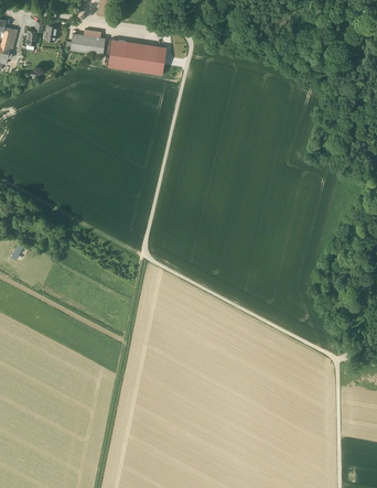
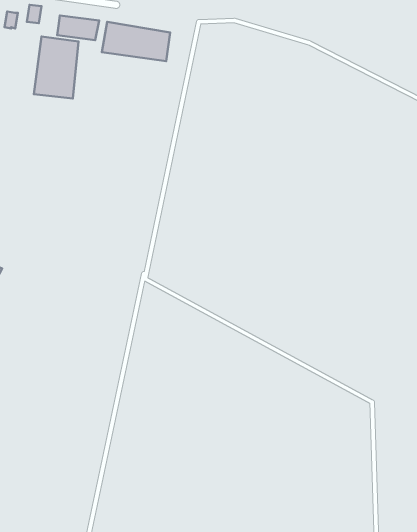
building: none -> [34,36,79,98]

